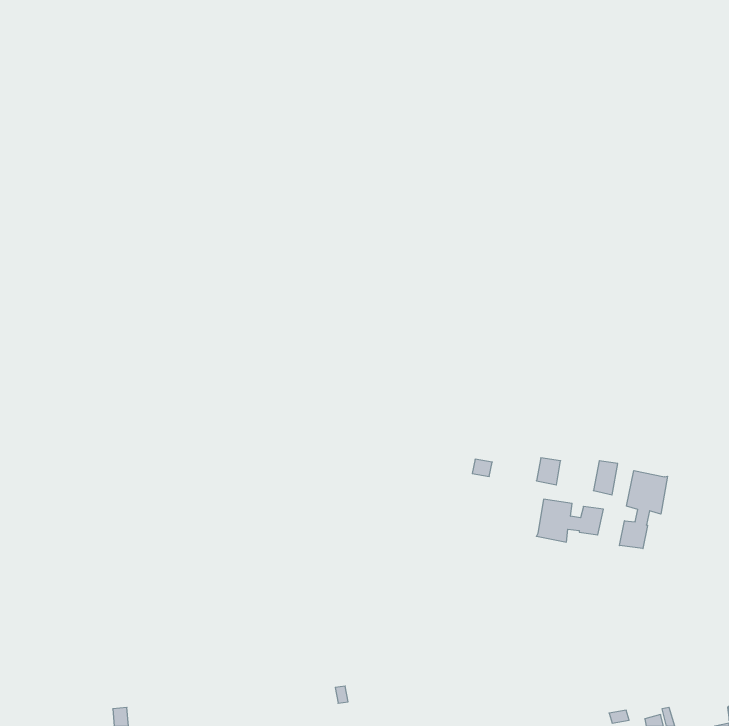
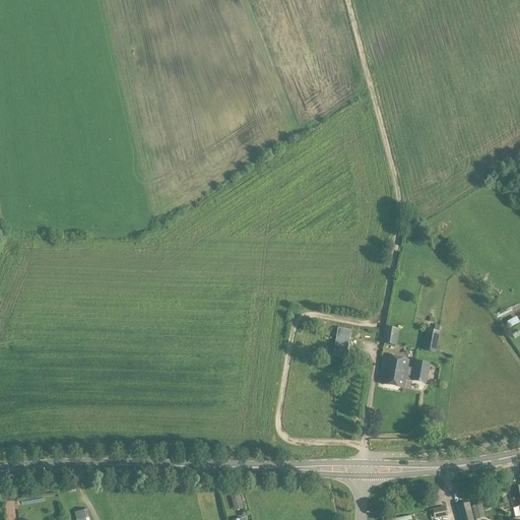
building: [619,471,667,549] -> none

